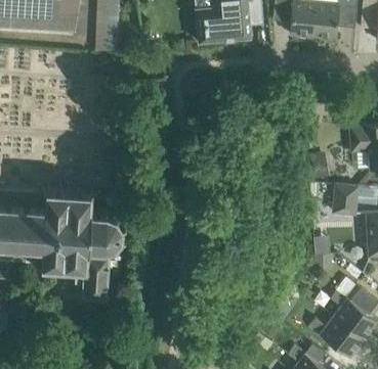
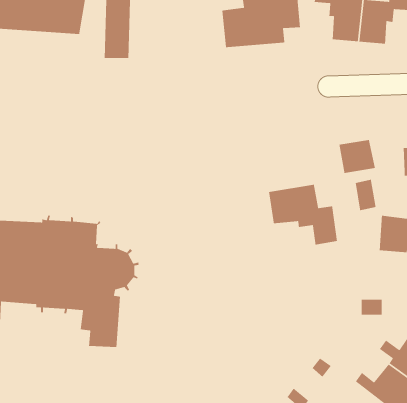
building: none -> [339,139,376,174]
building: none -> [268,184,338,245]

